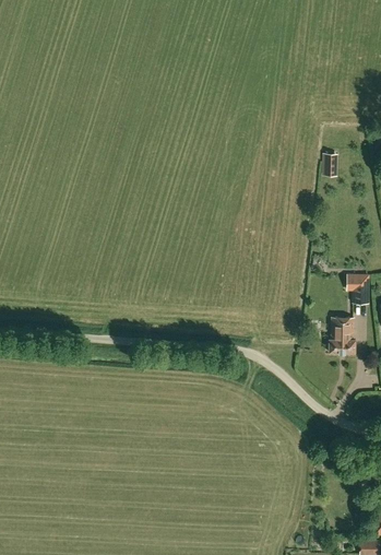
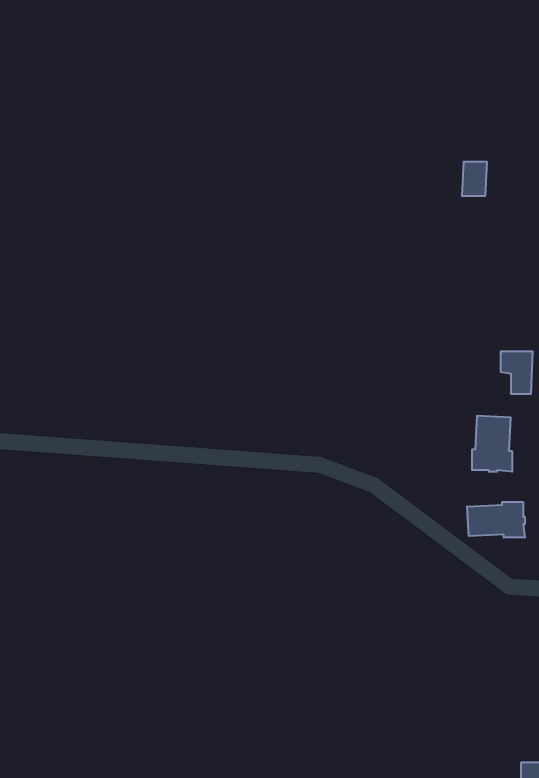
building: none -> [467,502,525,538]

